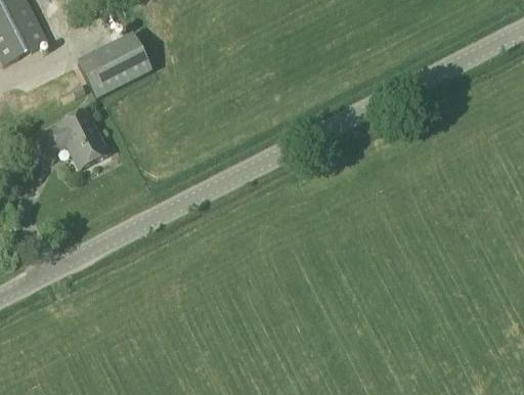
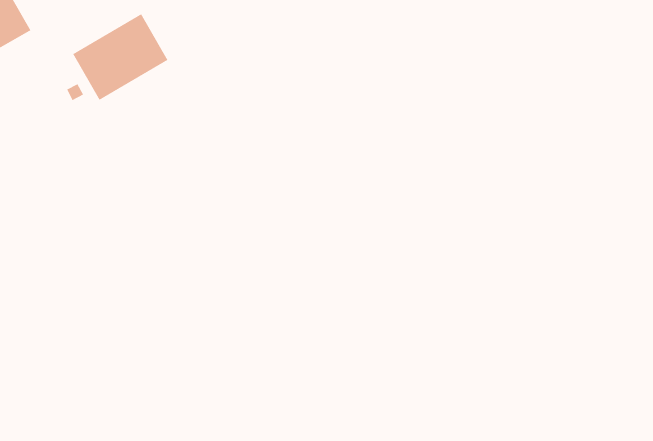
building: [43,108,106,167] -> none

